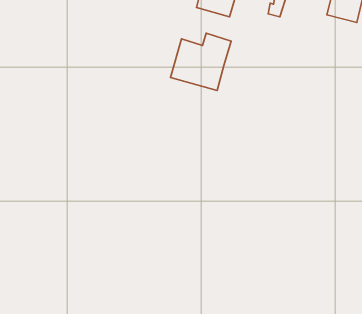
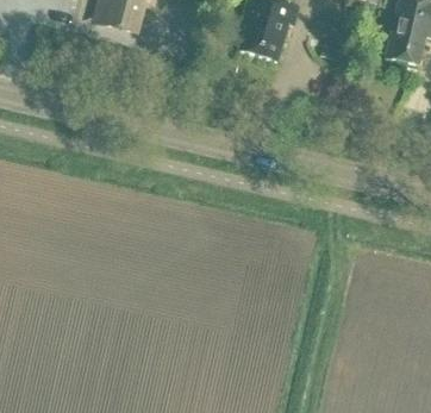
building: [171,33,231,91] -> none

